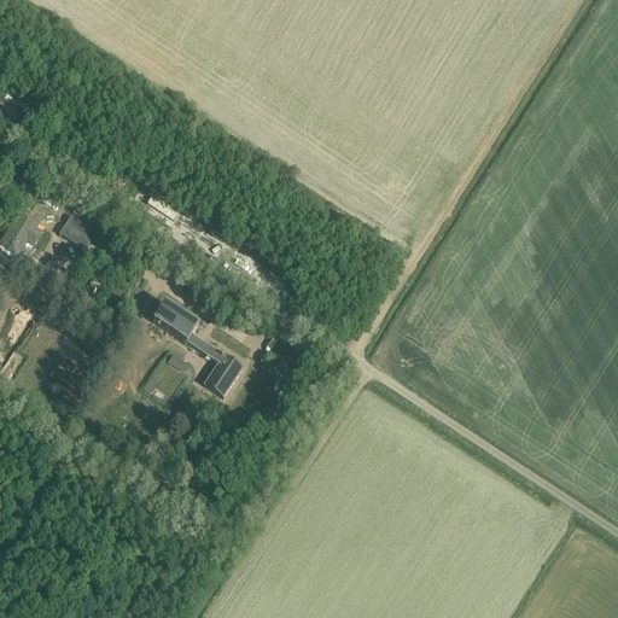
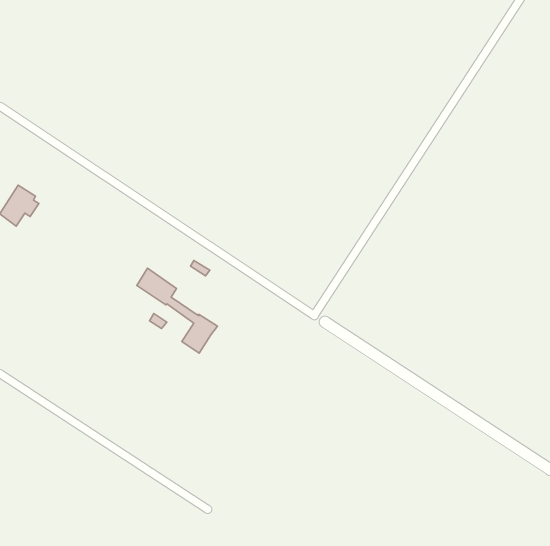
building: [59,214,98,249] -> none

